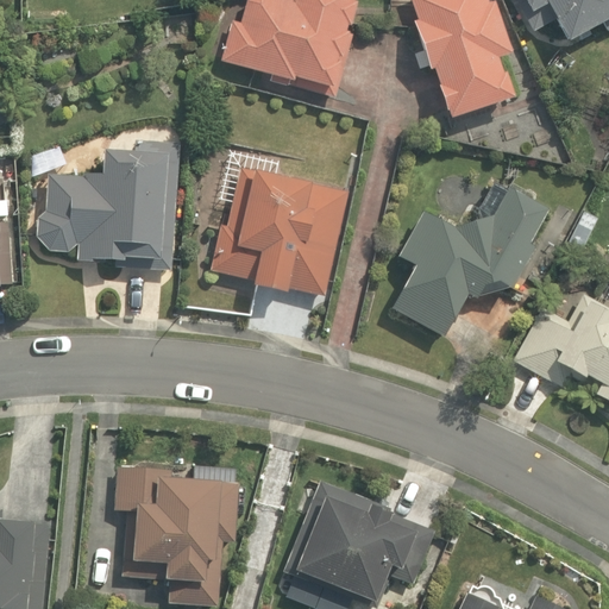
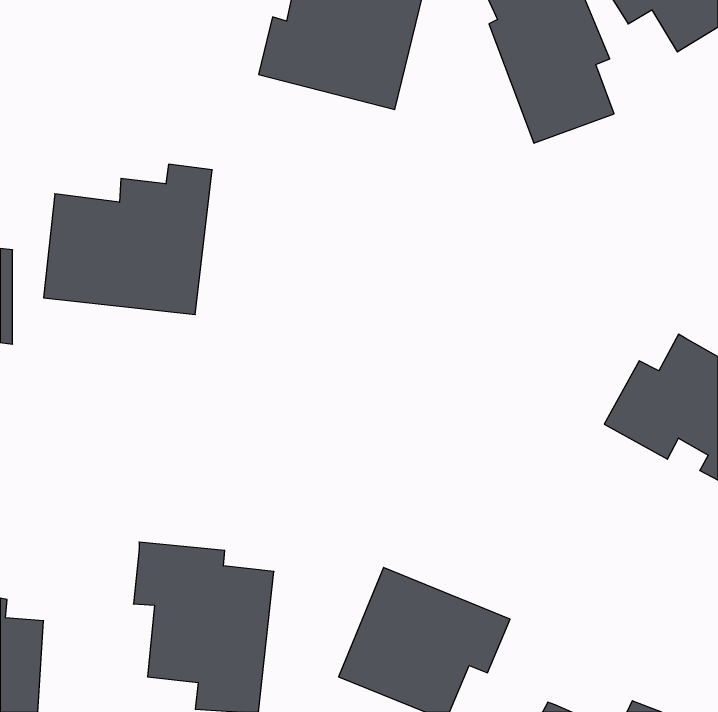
building: [209,161,352,297] -> none
building: [395,186,546,343] -> none

